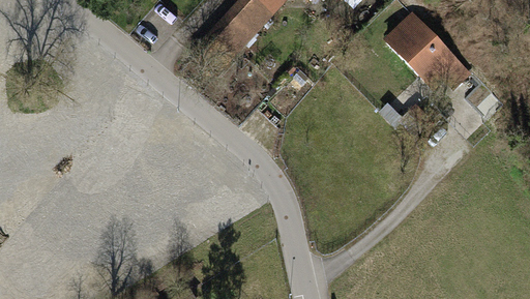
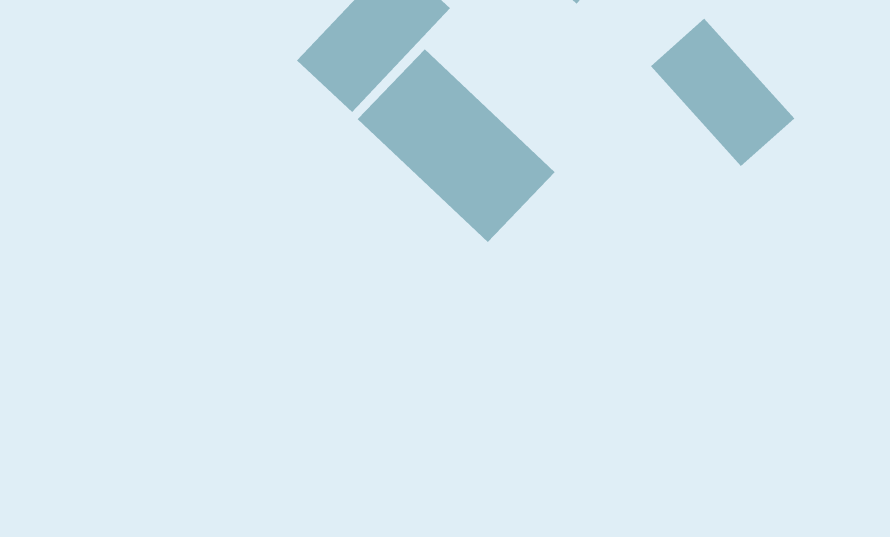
building: none -> [357,48,556,243]

